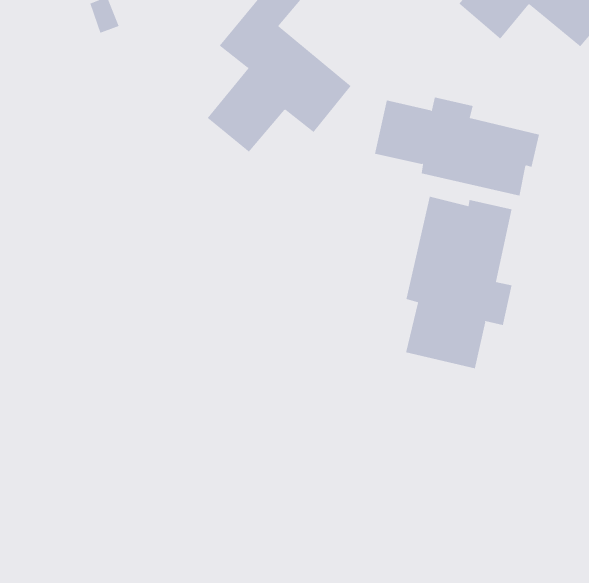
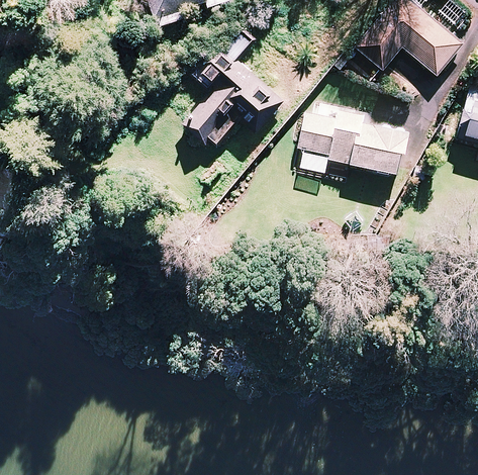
building: [405,196,512,369] -> none

